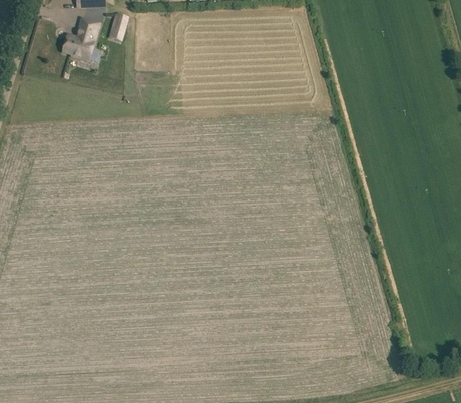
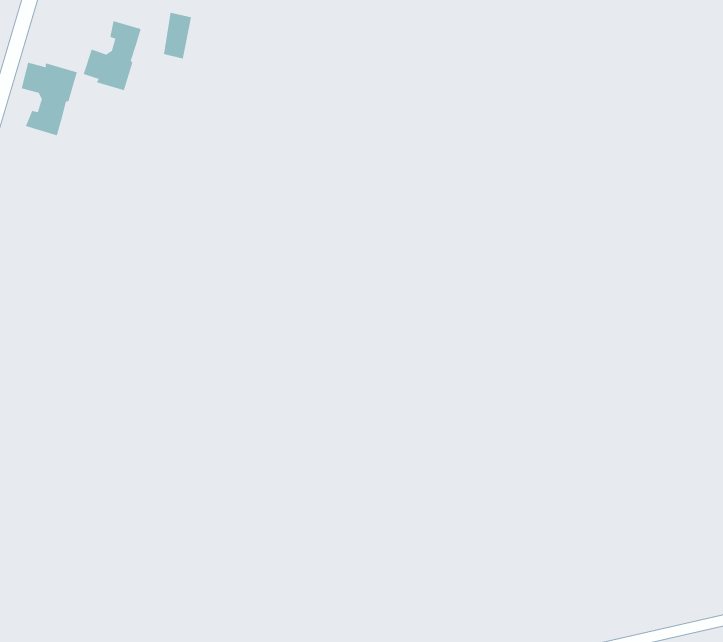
building: none -> [21,62,78,136]

